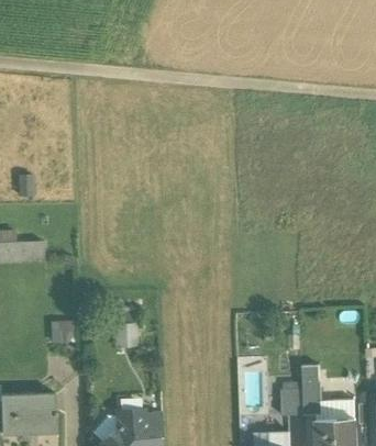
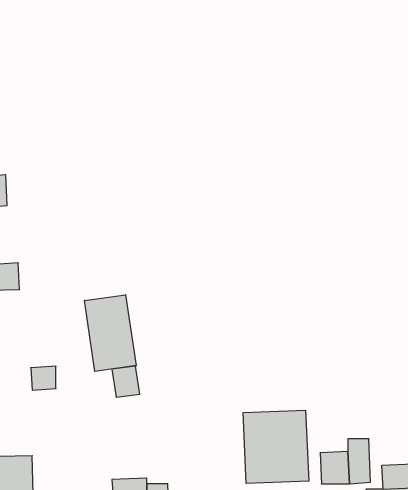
building: none -> [84,295,136,371]
building: none -> [243,410,309,483]

